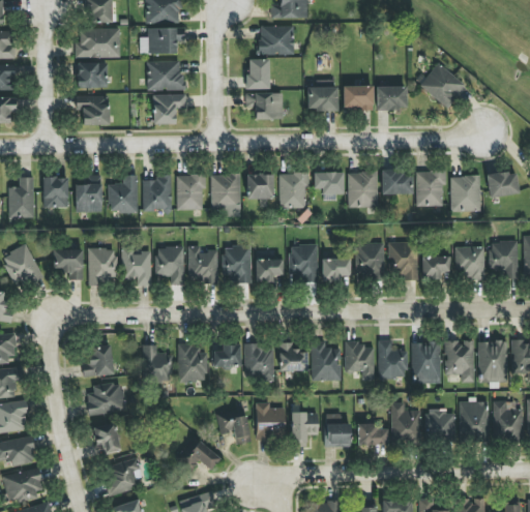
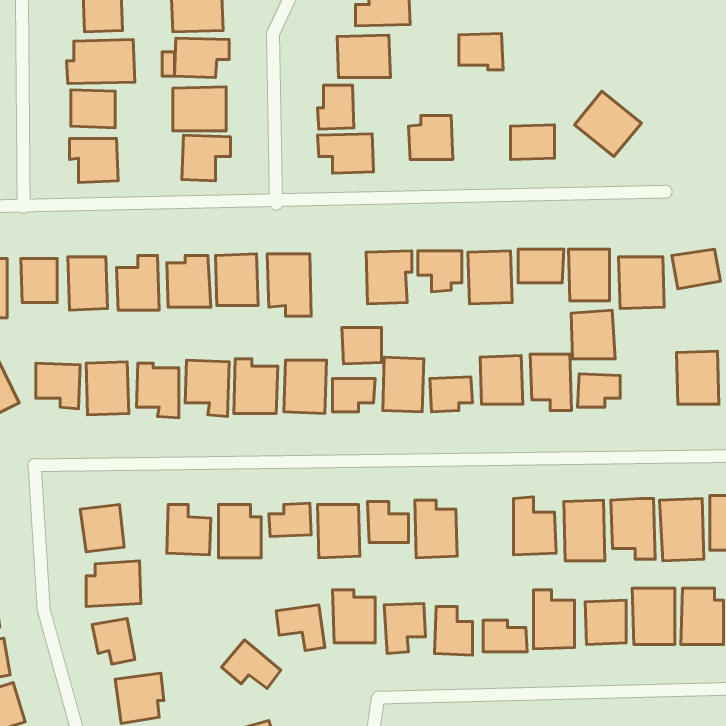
building: [343,85,373,110] -> [459,33,503,70]
building: [245,174,272,199] -> [342,328,382,364]
building: [454,245,484,278] -> [571,310,615,359]
building: [344,343,374,380] -> none

